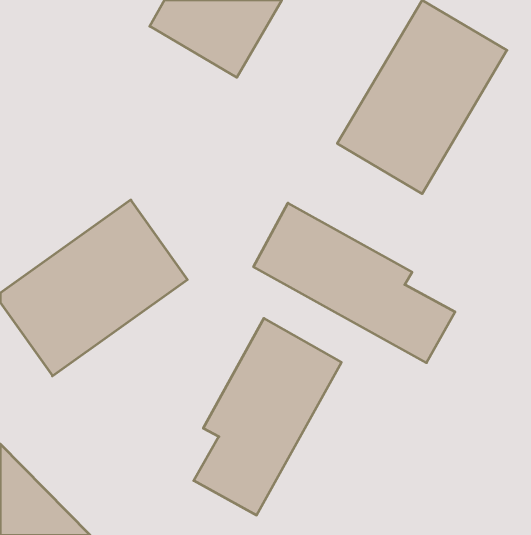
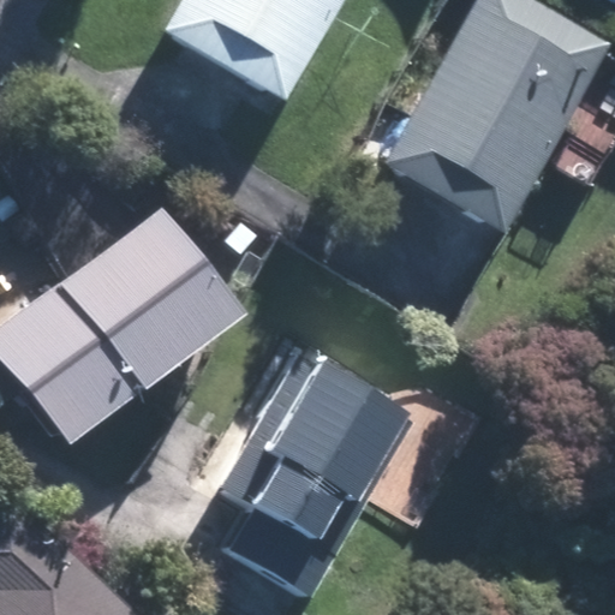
building: [254,203,455,363] -> none

